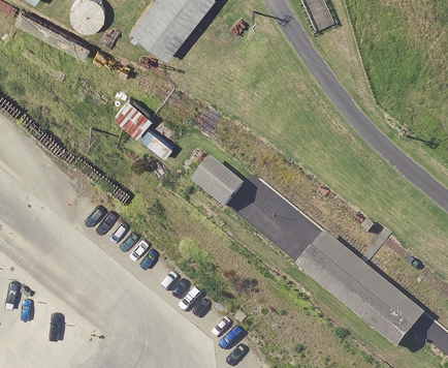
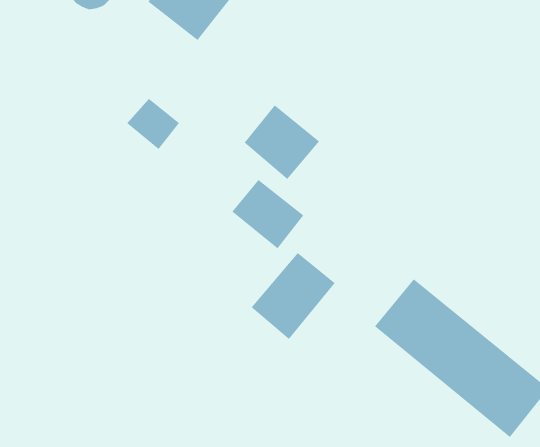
building: none -> [244,105,320,180]
building: none -> [251,252,336,340]

